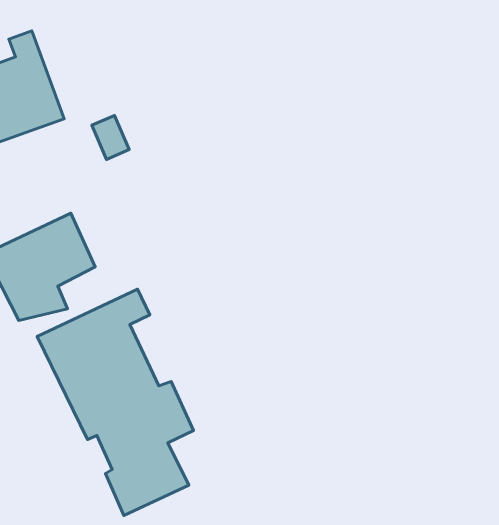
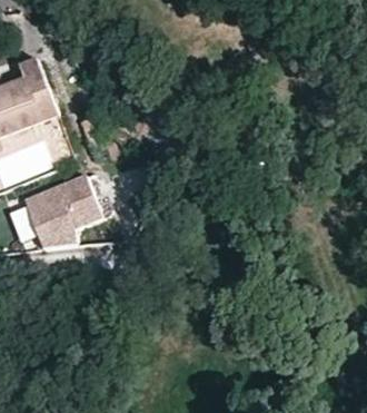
building: [37,289,193,516] -> none

